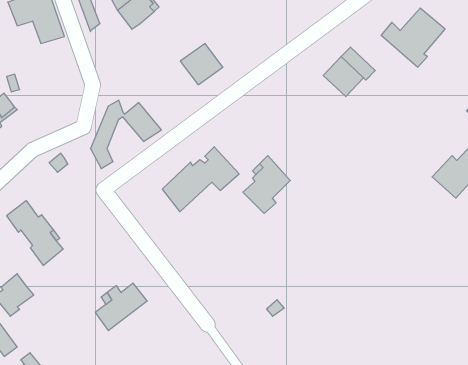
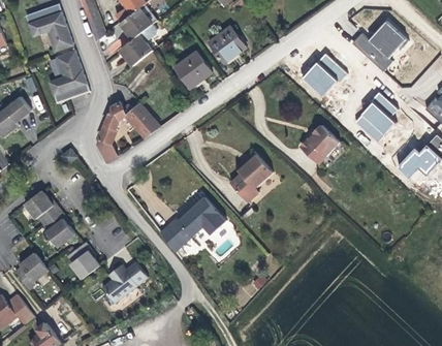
building: none -> [210,26,246,63]
building: none -> [121,34,153,66]
building: none -> [49,50,90,103]
building: none -> [353,94,397,144]
building: none -> [302,125,342,165]
building: [162,147,239,212] -> [160,196,227,253]
building: none -> [66,242,97,279]

